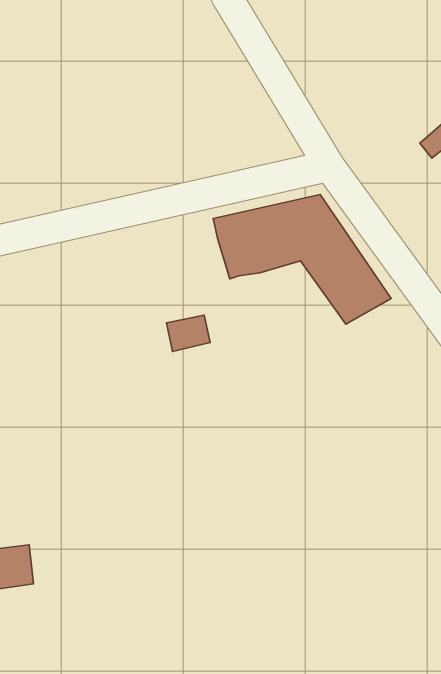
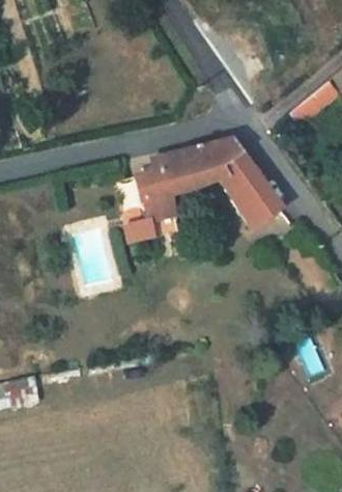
building: none -> [142,168,180,217]

